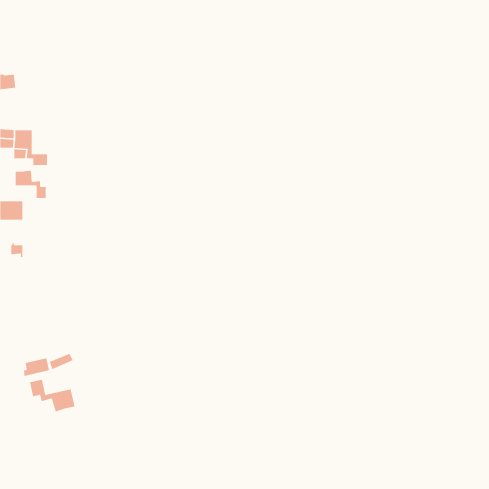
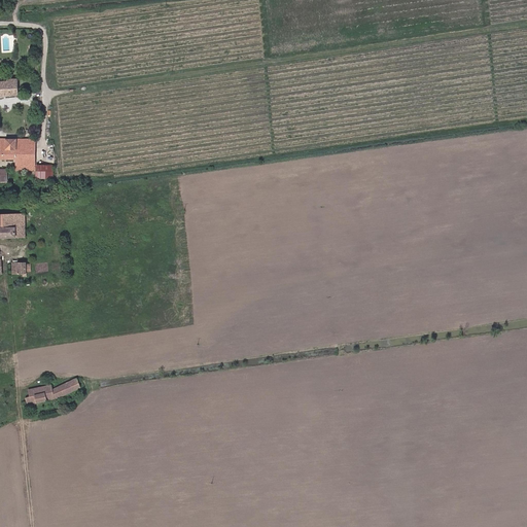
building: [15,170,47,199] -> none
building: [29,379,75,412] -> none

